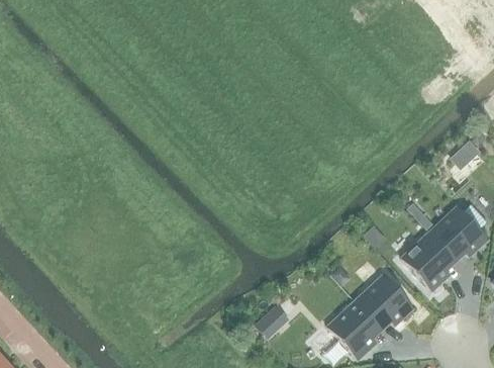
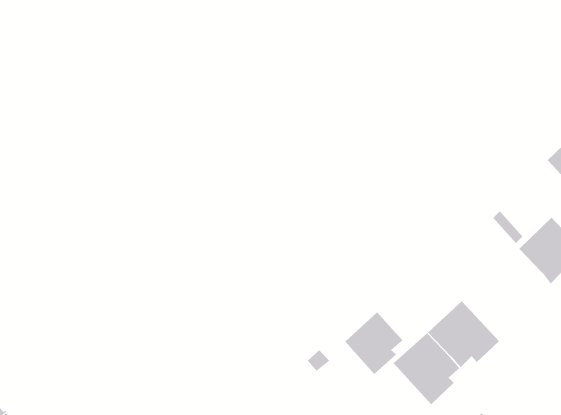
building: [401,231,456,290] -> none
building: none -> [344,312,404,375]

